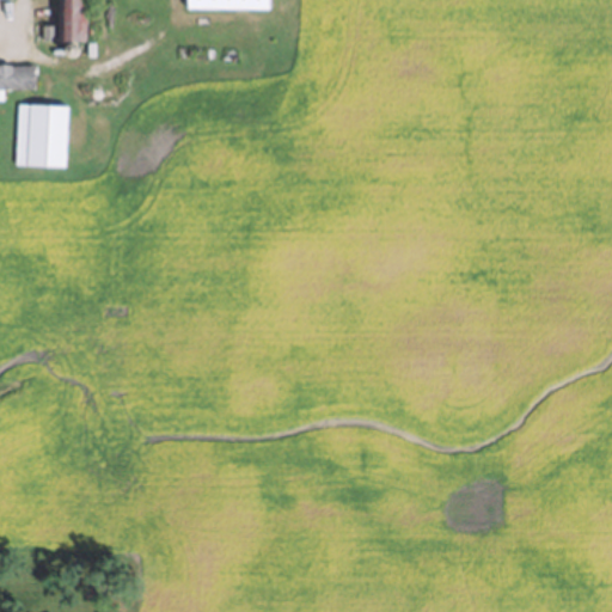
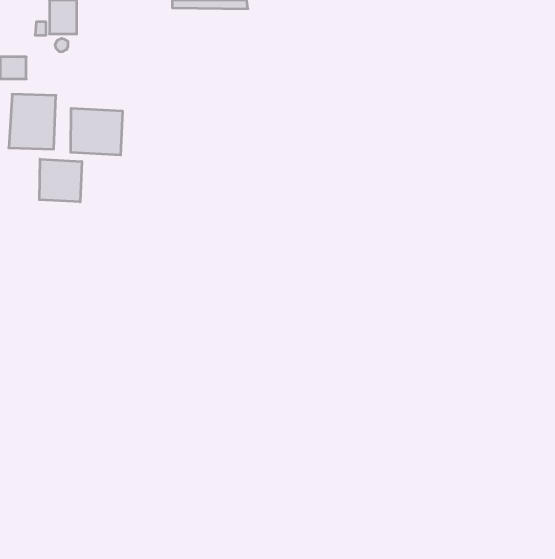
building: none -> [71,108,122,155]
building: none -> [39,159,82,202]

